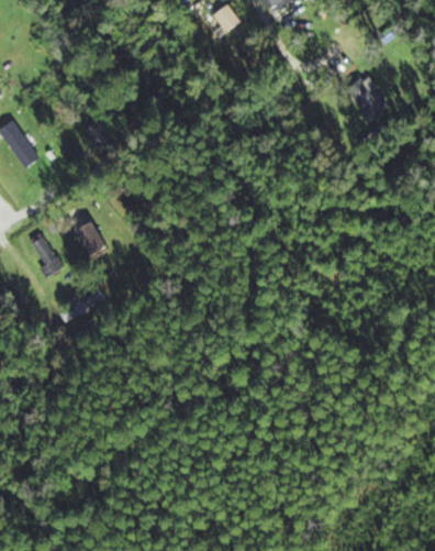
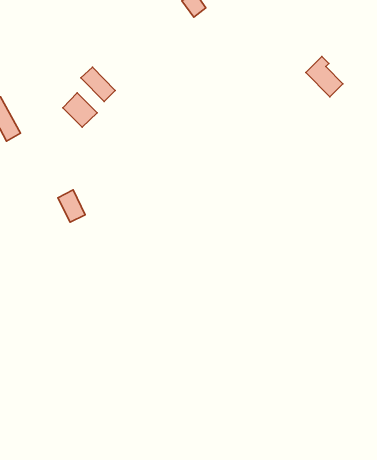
building: none -> [81,67,115,102]
building: [29,234,62,275] -> none

